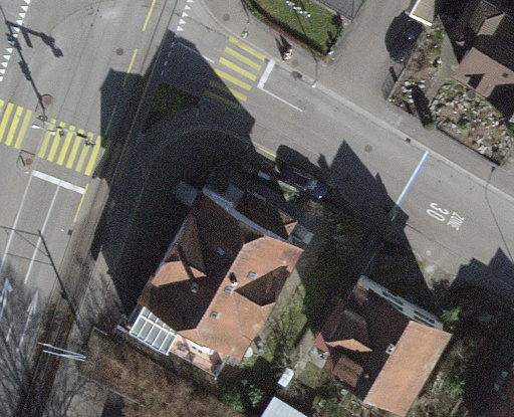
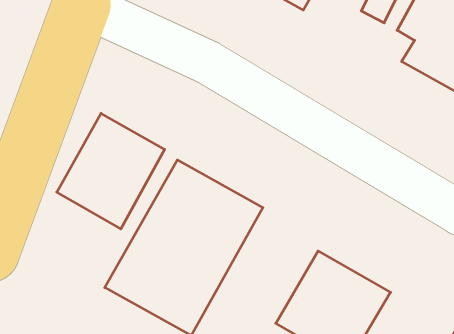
building: none -> [57,113,165,229]

